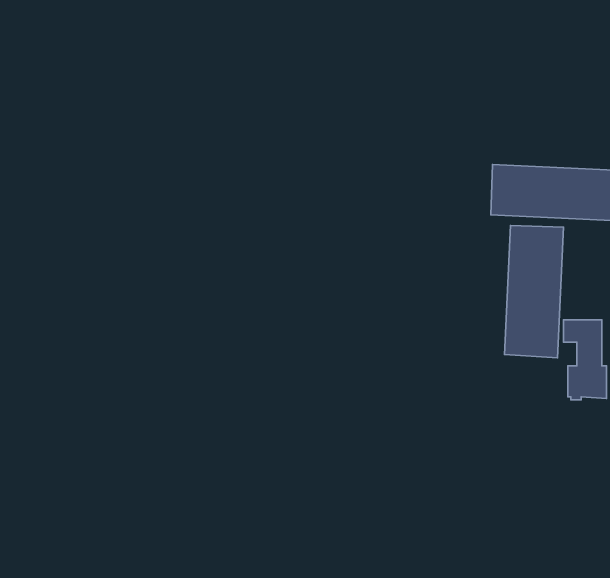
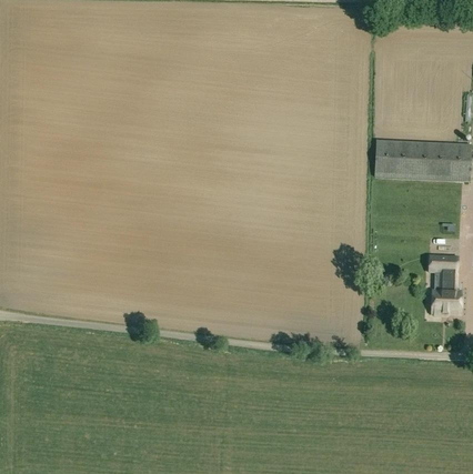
building: [505,225,563,358] -> none

